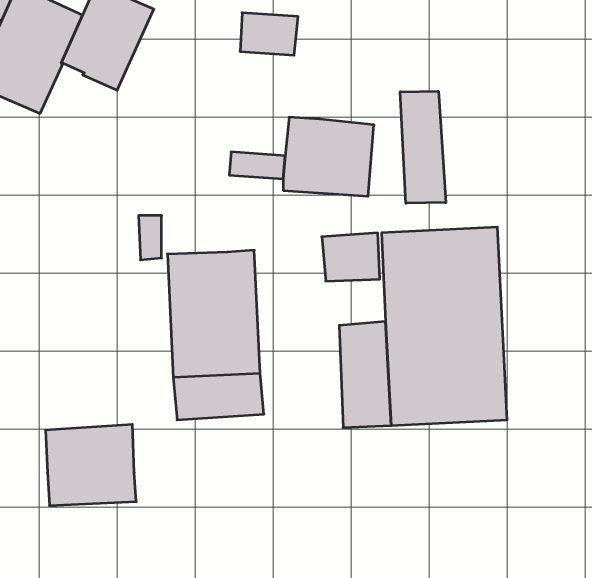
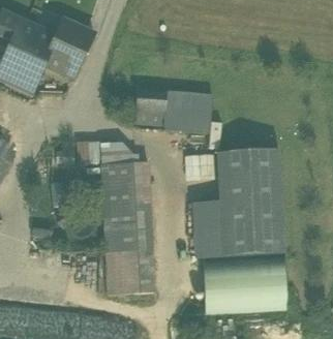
building: [240,13,298,55] -> [135,89,166,112]
building: [400,91,446,203] -> none
building: none -> [100,143,133,164]
building: none -> [202,255,287,313]
building: [46,424,136,505] -> [107,250,155,294]

